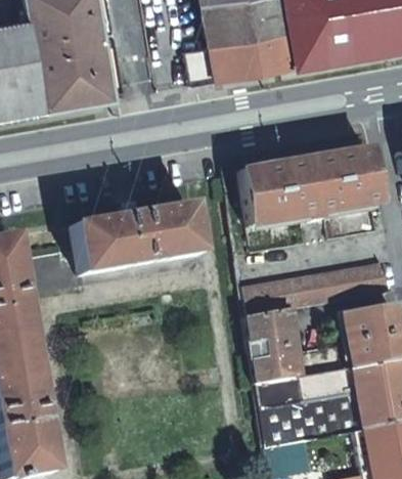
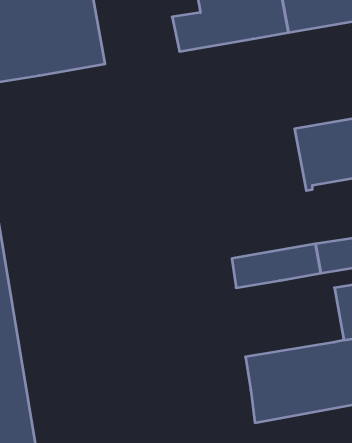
building: [240,159,316,226] -> none
building: [74,205,200,273] -> none
building: [248,307,344,382] -> none

